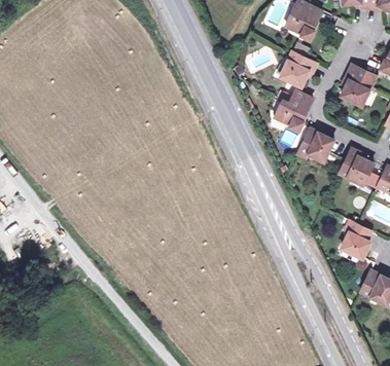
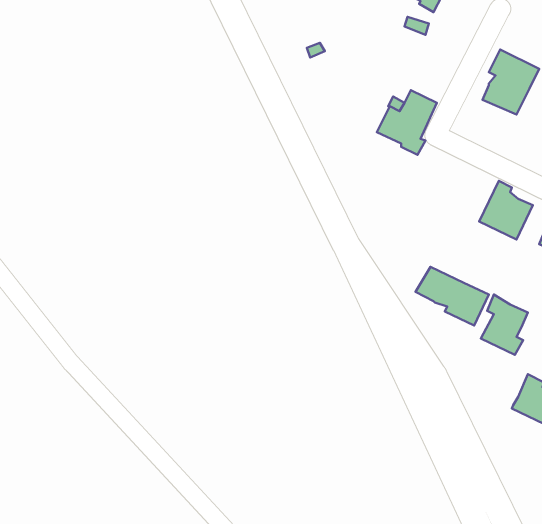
building: [280,51,317,85] -> none
building: [297,127,333,161] -> none
building: none -> [415,267,489,325]

